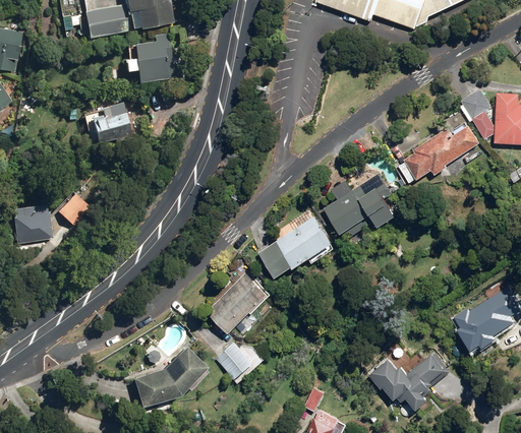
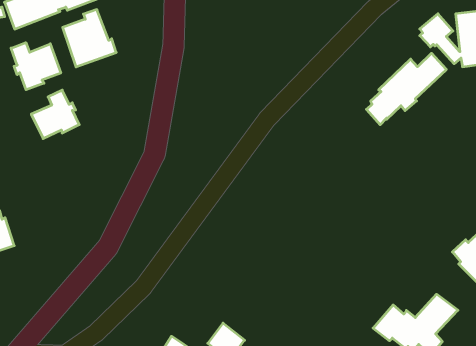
building: none -> [11,43,61,90]
building: [326,174,395,236] -> none
building: [57,192,90,225] -> none
building: [259,219,332,277] -> none
building: [208,273,267,334] -> none

